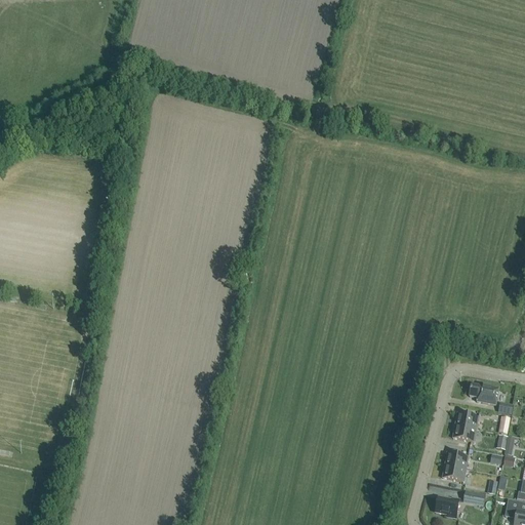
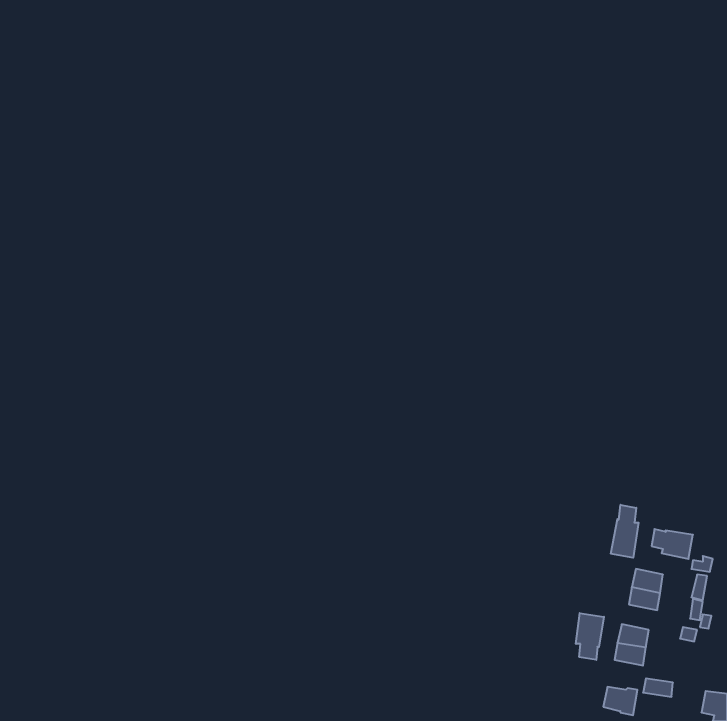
building: none -> [611,505,639,558]
building: none -> [576,613,604,660]

